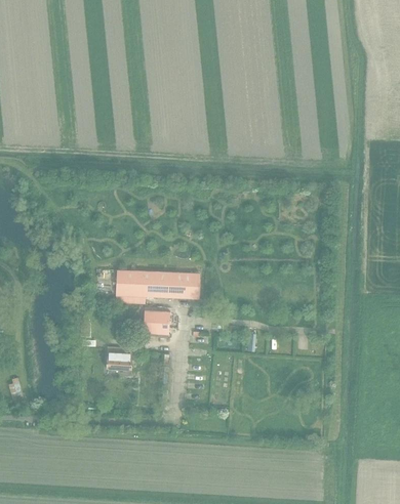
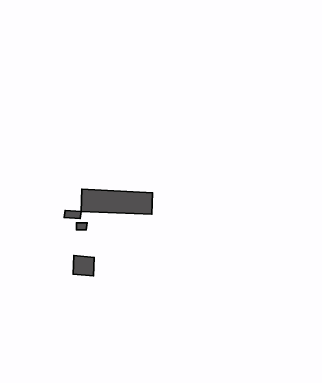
building: [144,310,171,334] -> none

